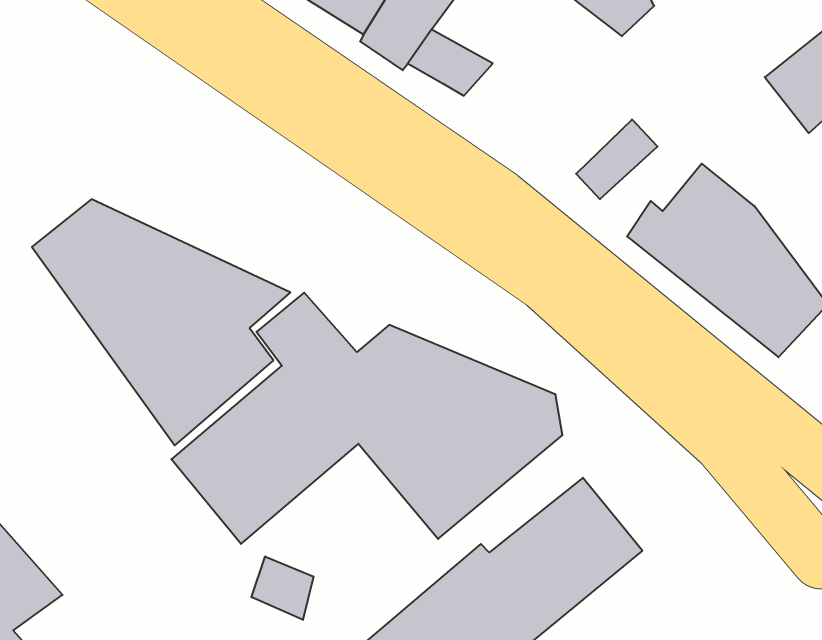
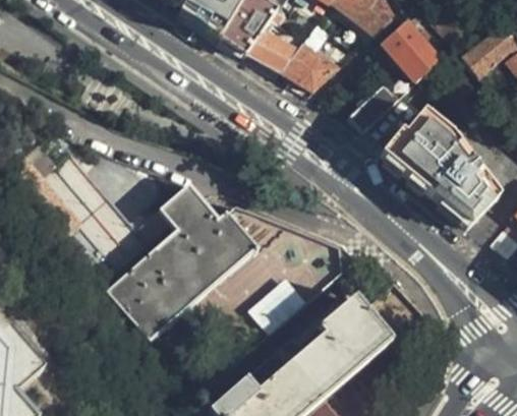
building: none -> [383,20,441,83]
building: none -> [281,44,337,93]
building: [251,556,313,620] -> none

